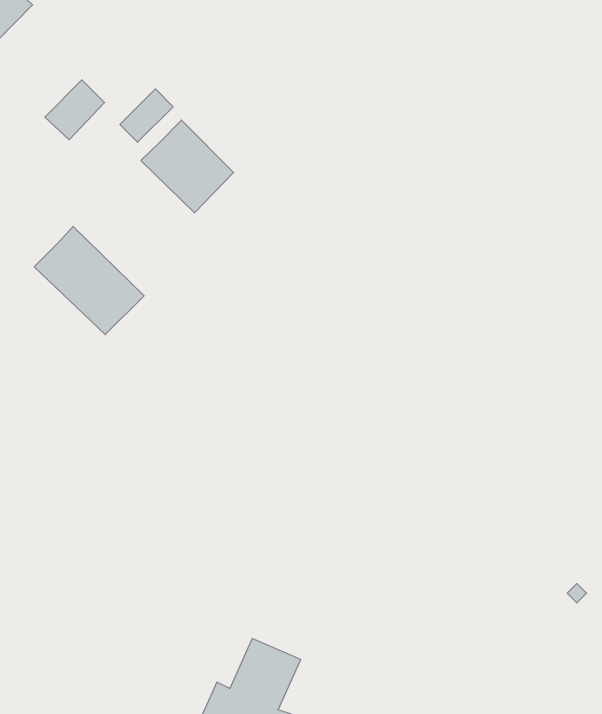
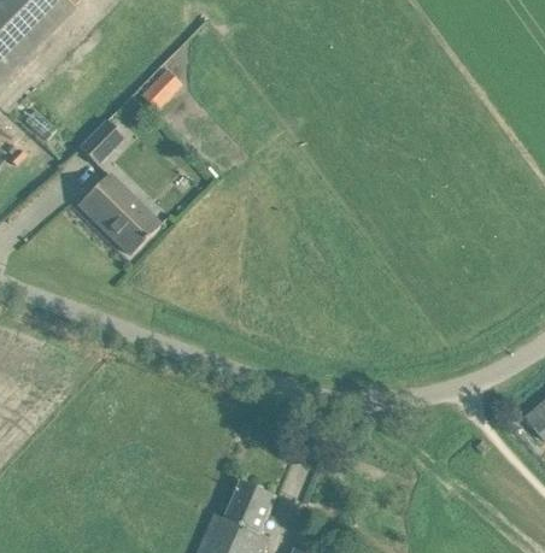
building: [45,80,105,140] -> [78,119,123,164]
building: [141,120,234,213] -> none

